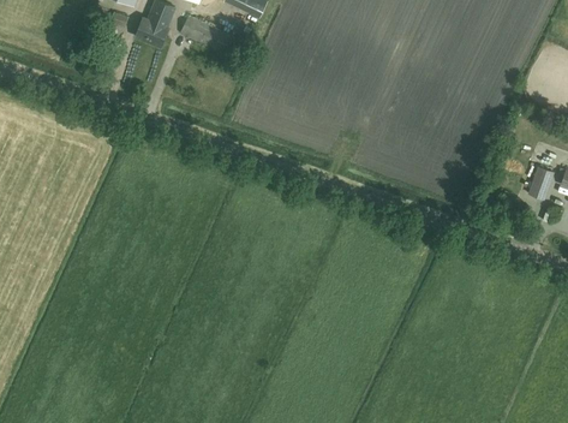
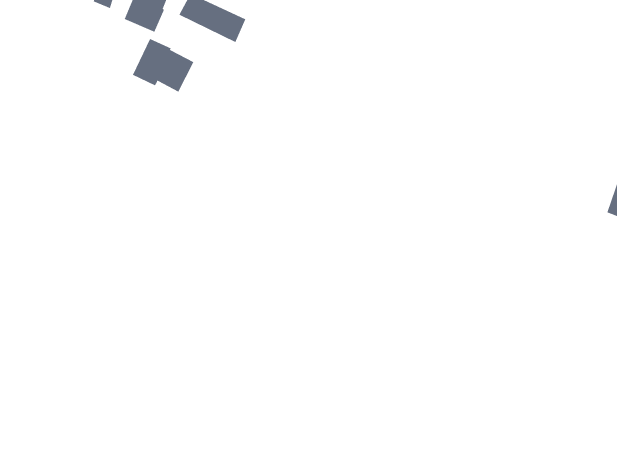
building: none -> [132,38,194,93]

